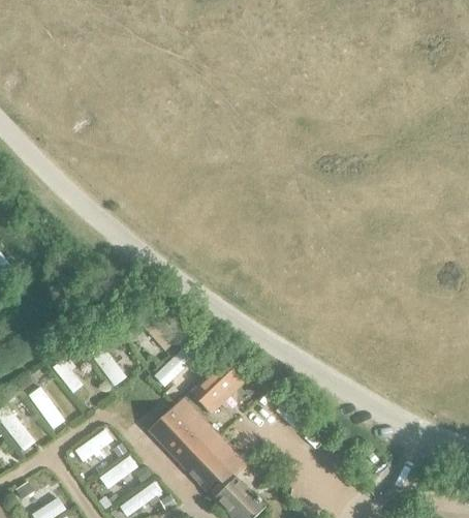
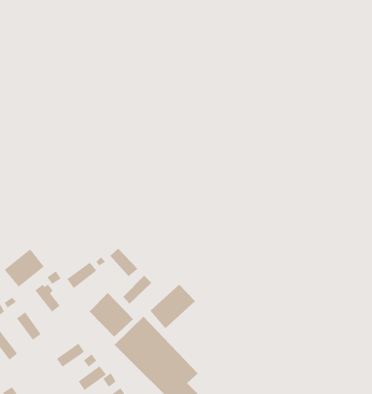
building: none -> [4,248,45,287]
building: none -> [89,292,134,338]

